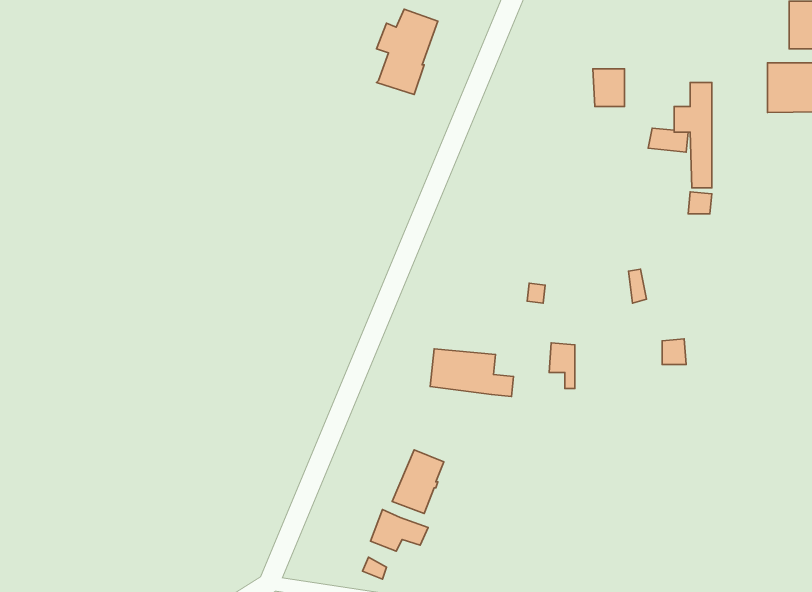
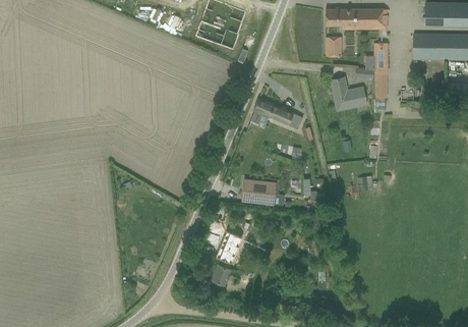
building: none -> [325,9,386,30]
building: none -> [331,77,365,110]
building: none -> [249,98,303,129]

